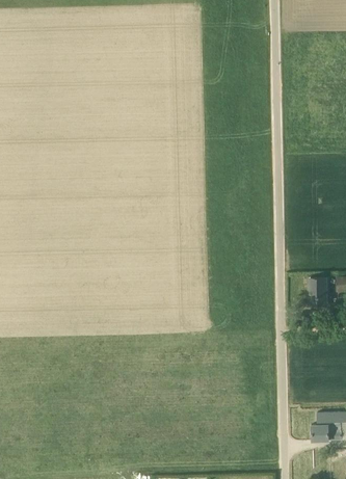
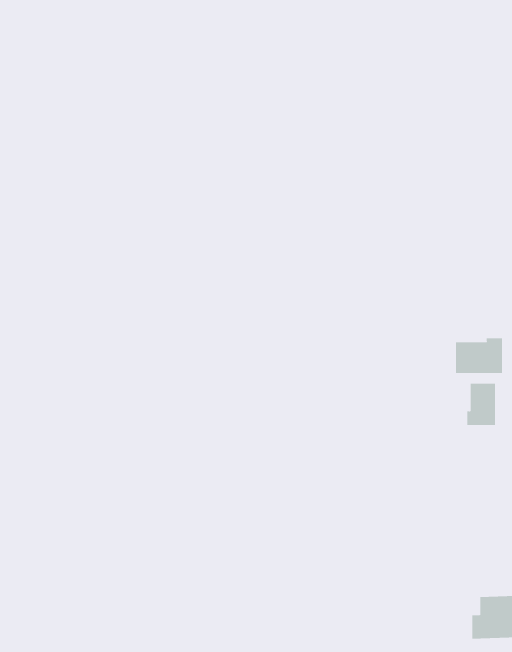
building: none -> [456,338,502,374]

